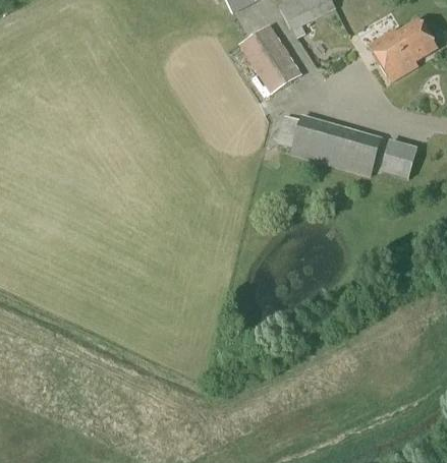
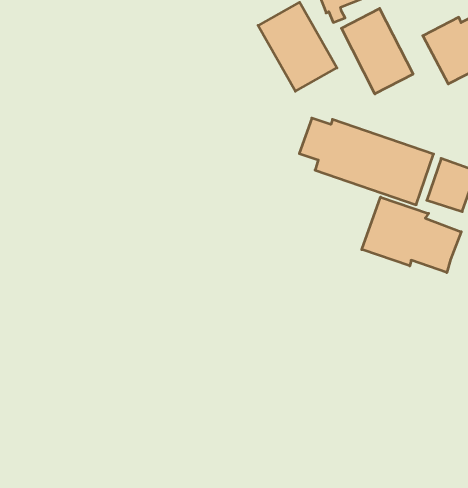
building: none -> [341,8,413,94]
building: none -> [362,197,461,273]

